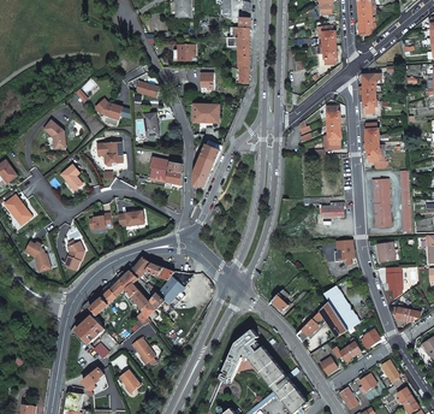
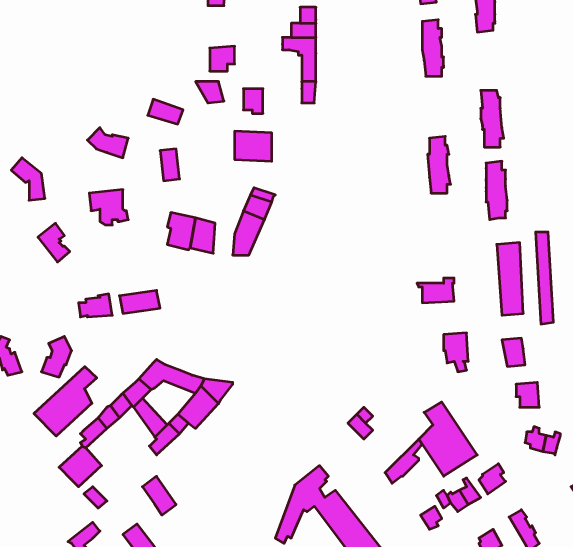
building: none -> [34,367,97,436]

